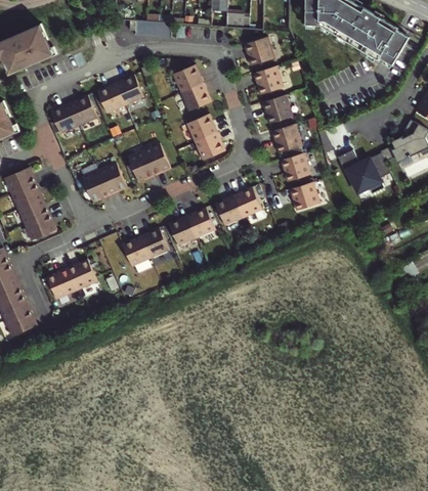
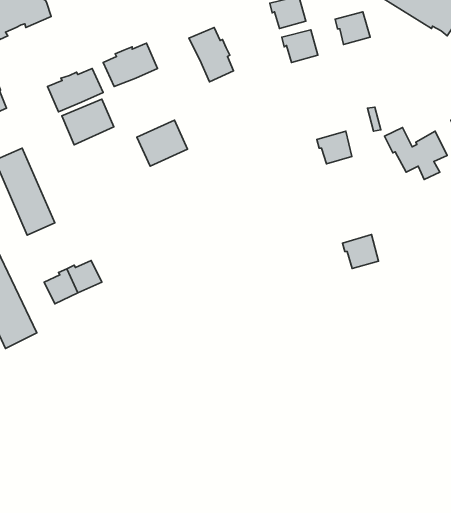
building: [259,94,289,122] -> [335,12,370,45]
building: [184,113,222,159] -> none
building: [268,123,299,150] -> none
building: [81,163,125,202] -> [62,99,114,145]
building: [288,180,318,209] -> [342,235,379,268]
building: [214,186,260,224] -> none
building: [168,208,214,246] -> none
building: [122,228,168,266] -> none

